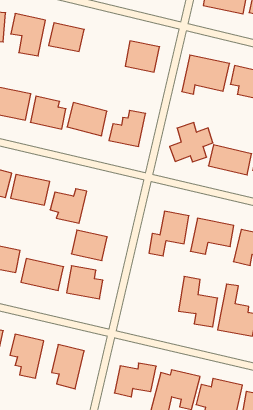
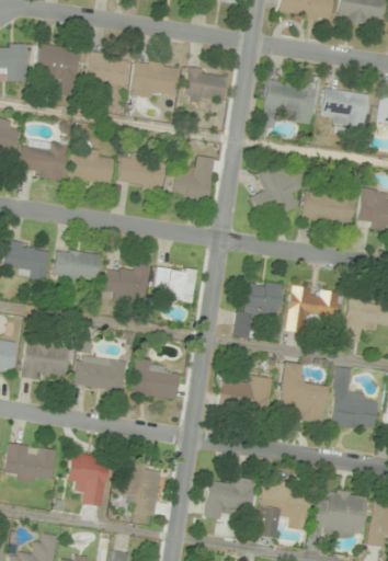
building: none -> [132,59,181,99]
building: [71,230,107,261] -> [153,265,197,301]
building: none -> [221,376,272,410]

